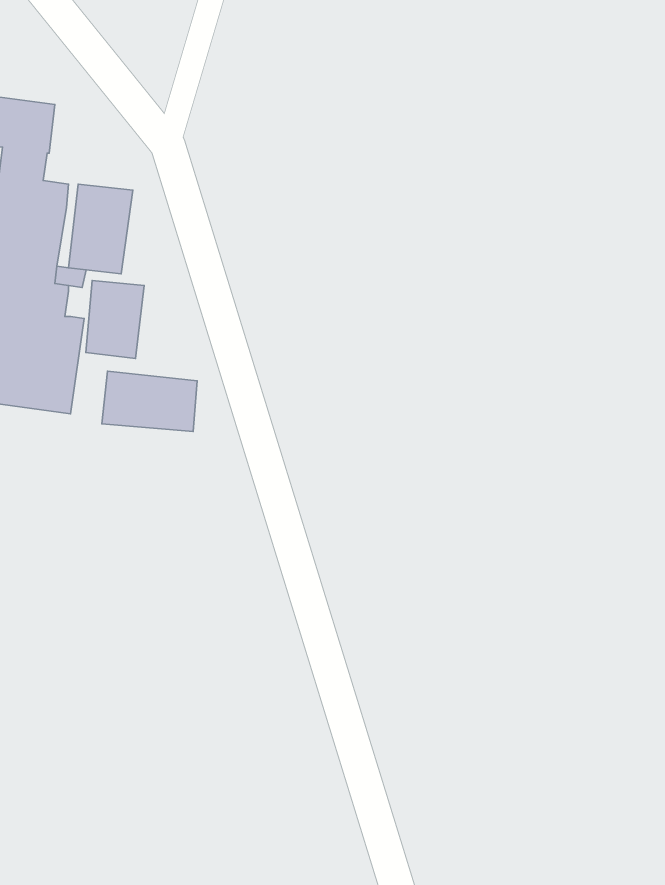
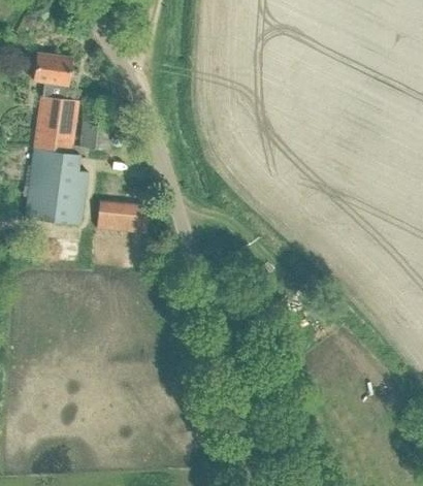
building: [86,281,144,359] -> none

